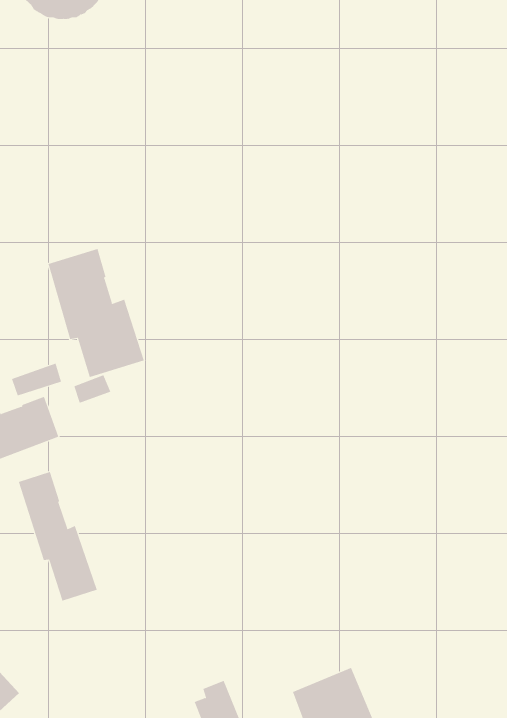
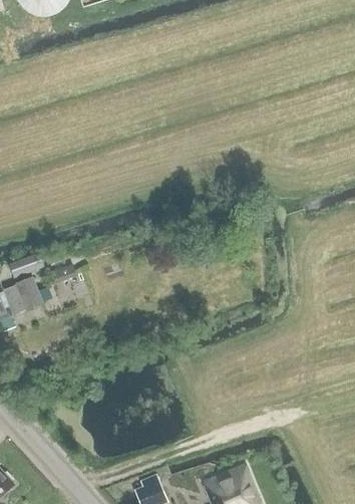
building: [48,248,144,378] -> none
building: [18,471,98,602] -> none

